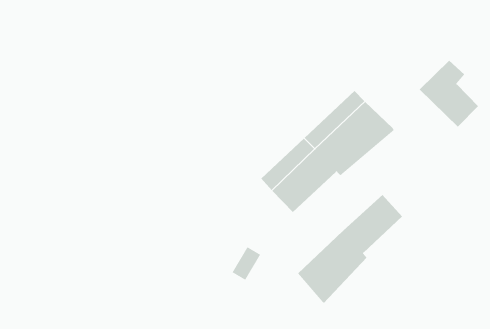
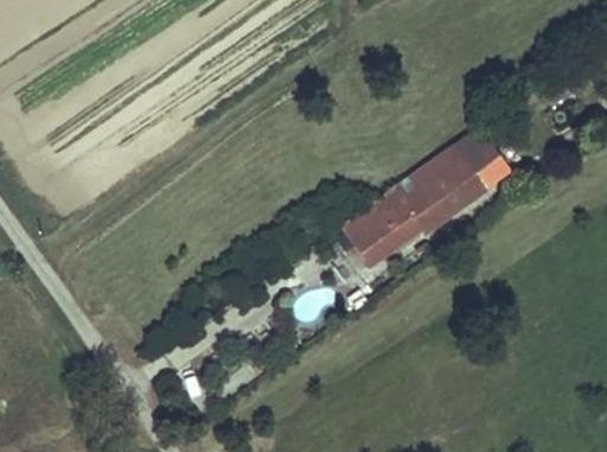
building: [419,60,479,127] -> [451,122,510,193]
building: [297,194,403,304] -> none

